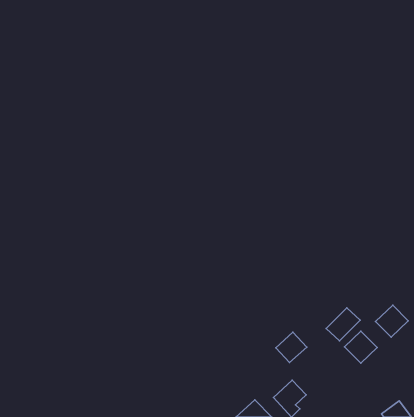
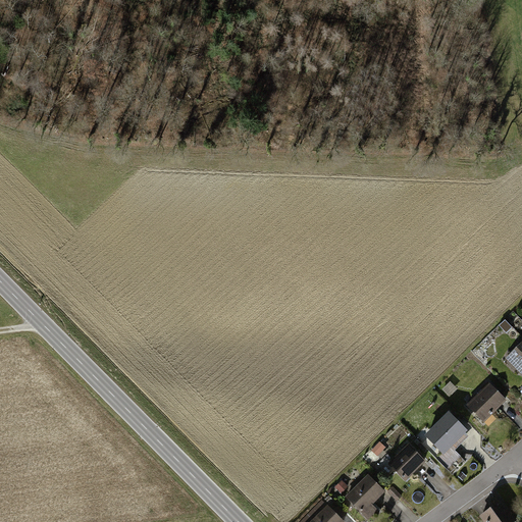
building: [326,308,360,341] -> none
building: [276,332,307,363] -> [384,445,423,482]

